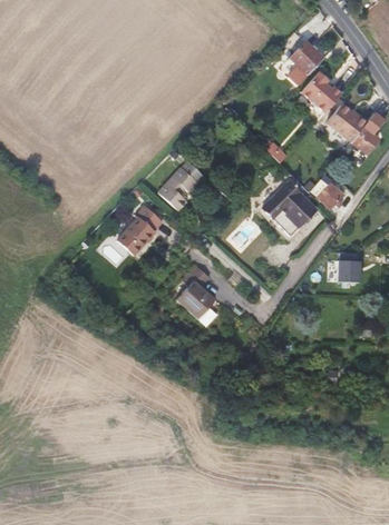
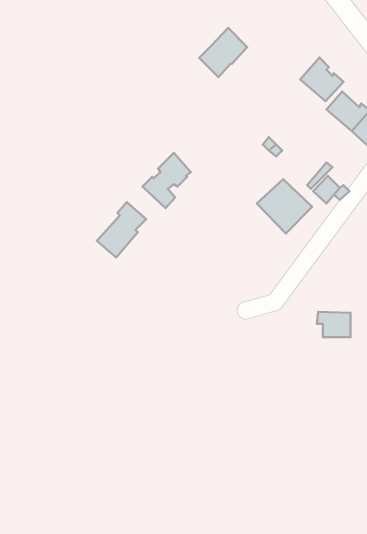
building: [280,41,324,87] -> [199,28,247,77]
building: [330,258,361,281] -> [317,312,351,337]
building: [178,266,221,327] -> none

